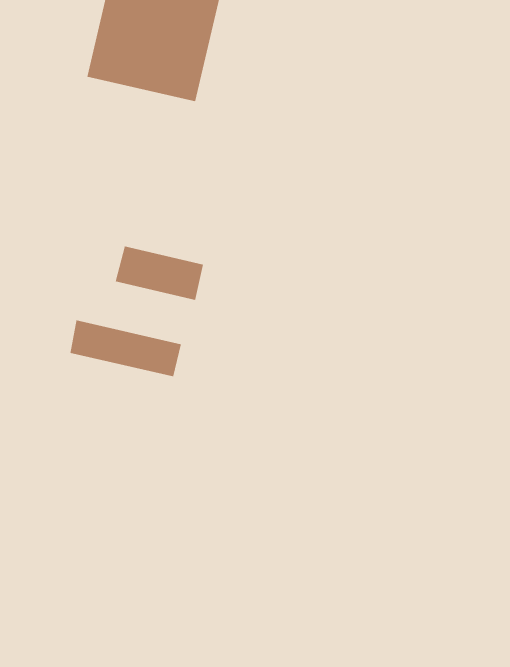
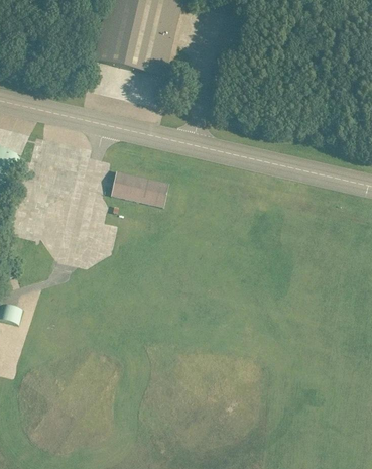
building: [70,319,182,377] -> none

